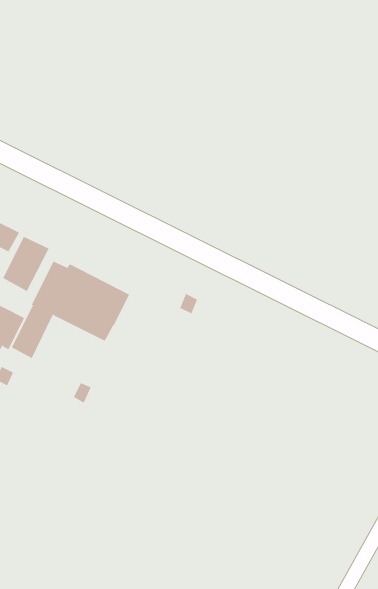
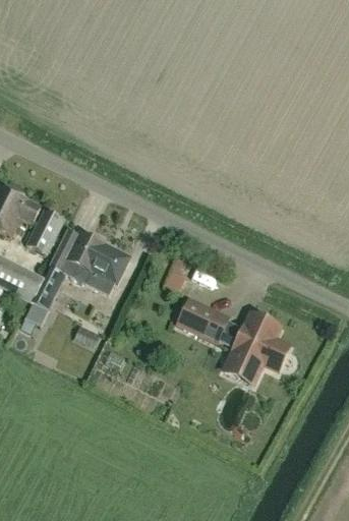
building: none -> [176,296,231,344]
building: none -> [229,313,288,373]

